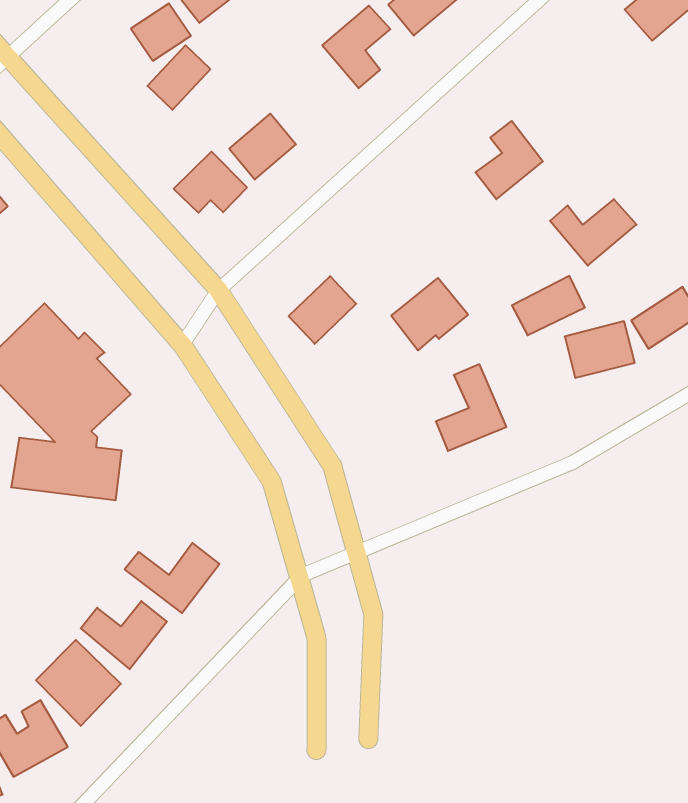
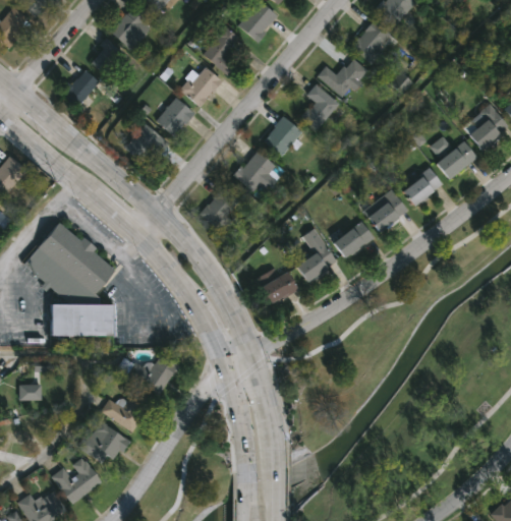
building: none -> [351,20,396,64]
building: [147,45,210,110] -> [62,68,98,107]
building: none -> [181,65,222,107]
building: none -> [263,116,302,156]
building: [550,199,637,266] -> [318,58,368,99]
building: [512,276,585,335] -> [332,221,375,258]
building: [391,278,468,350] -> [233,151,278,194]
building: none -> [256,271,299,308]

